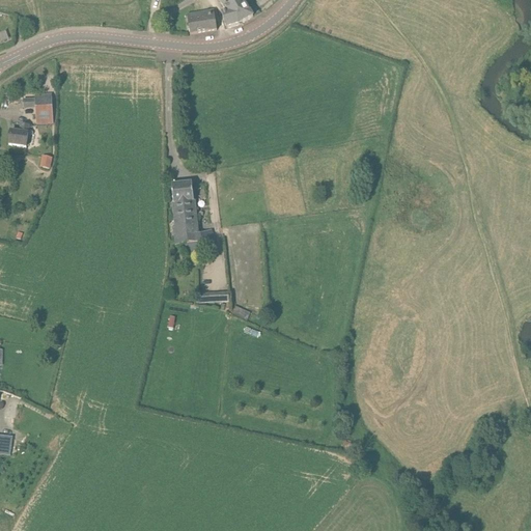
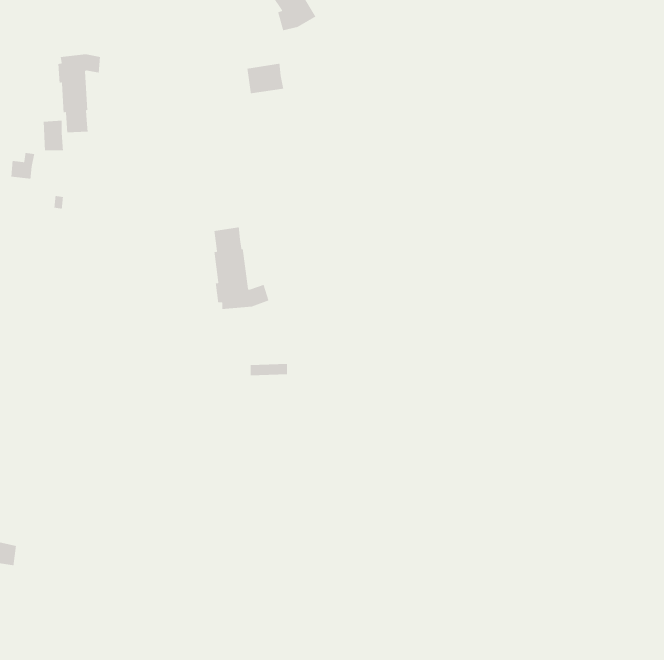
building: [186,6,216,31] -> [246,63,284,94]
building: none -> [58,53,101,133]

